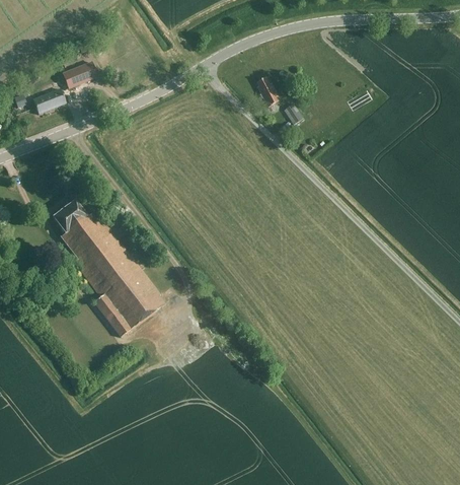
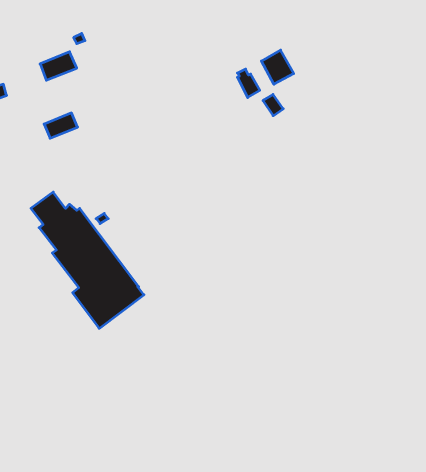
building: none -> [261,50,294,84]
building: [31,88,65,114] -> [44,113,78,138]

